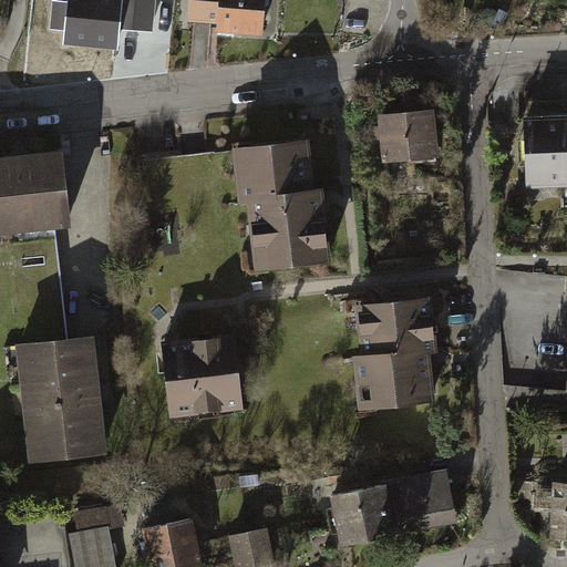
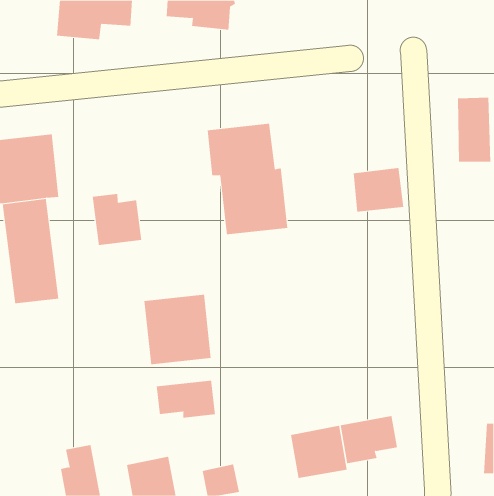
building: [380,110,439,161] -> [353,167,404,212]
building: none -> [92,193,142,246]
building: [355,299,436,409] -> none
building: [17,338,106,461] -> none
building: none -> [156,380,216,418]

